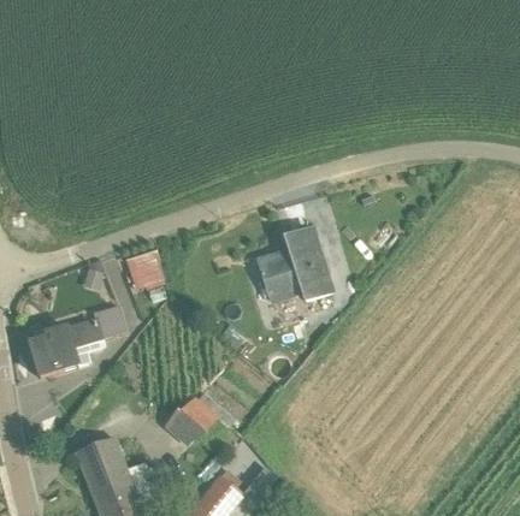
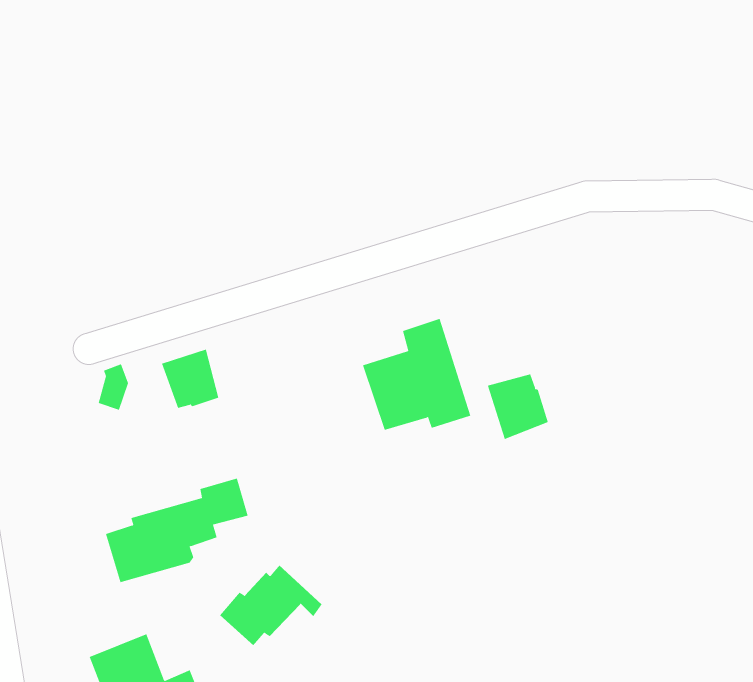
building: none -> [487,374,548,440]
building: [29,304,124,374] -> [105,478,248,583]

